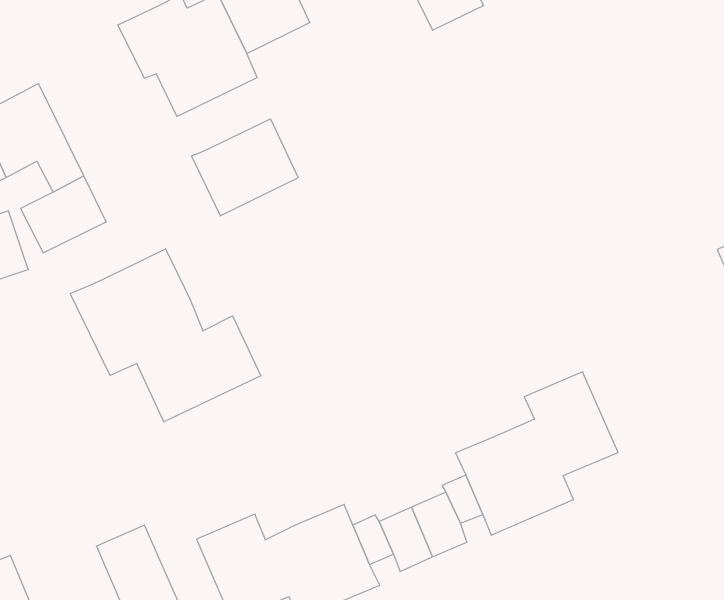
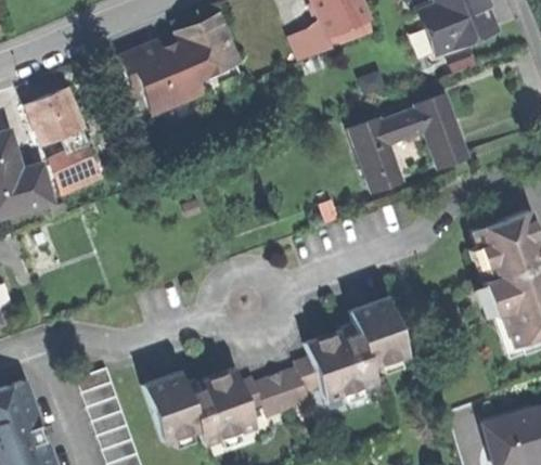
building: none -> [348,101,466,196]
building: [191,119,298,216] -> none
building: [70,249,261,422] -> none

